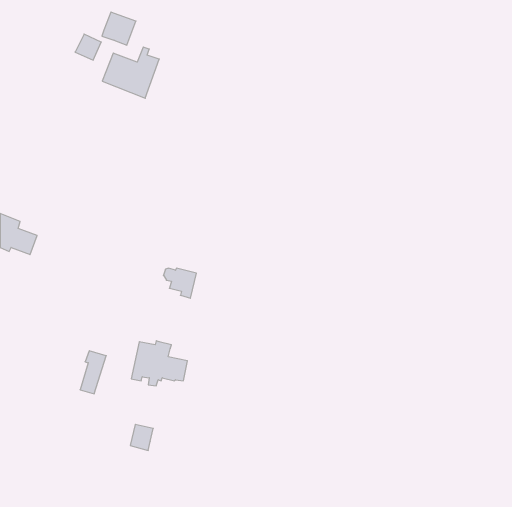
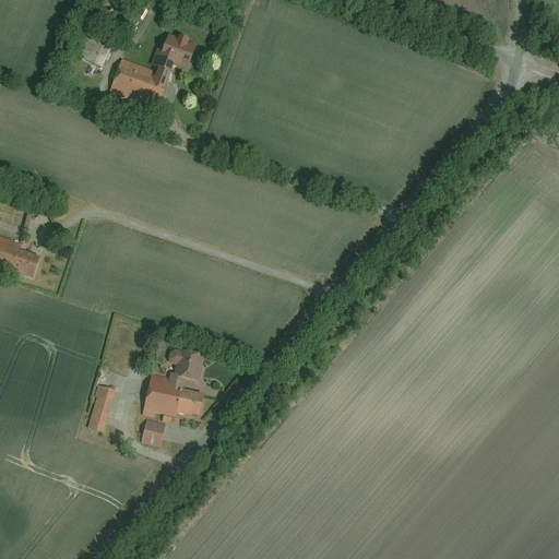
building: [102,12,136,45] -> [160,34,198,70]
building: [163,268,196,298] -> [167,350,203,383]
building: [130,424,153,450] -> [141,417,166,445]

